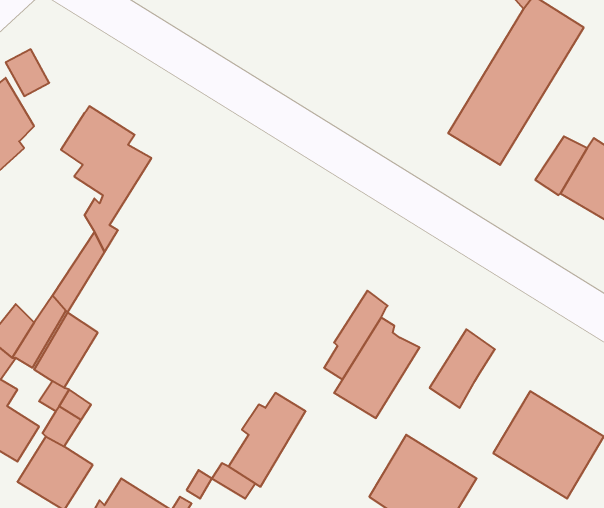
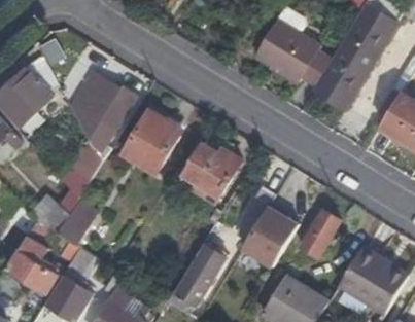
building: none -> [253,17,321,83]
building: none -> [123,110,182,173]
building: none -> [180,145,240,203]

